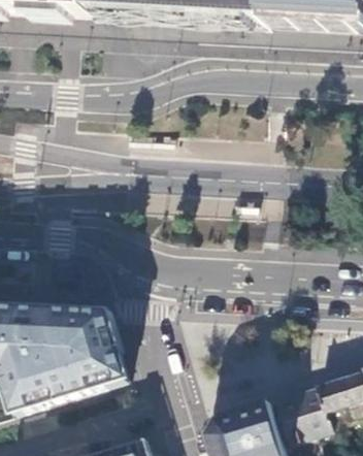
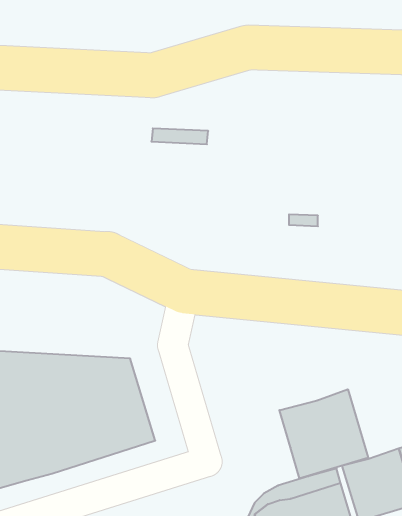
building: none -> [279,389,368,478]

